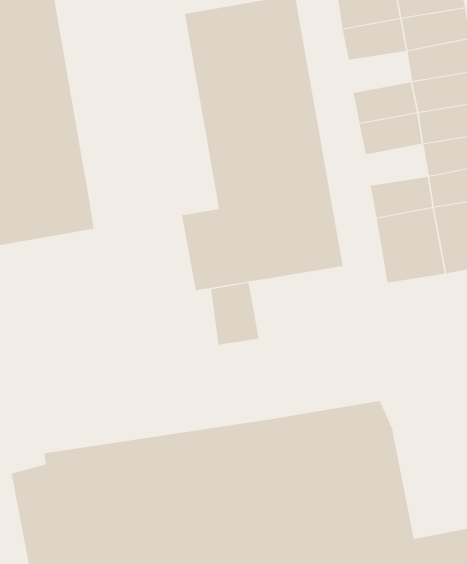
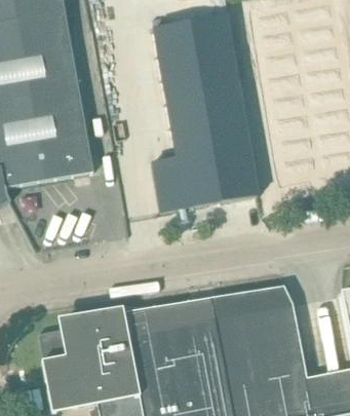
building: none -> [261,52,303,80]
building: none -> [272,114,314,142]
building: [210,282,259,345] -> none

